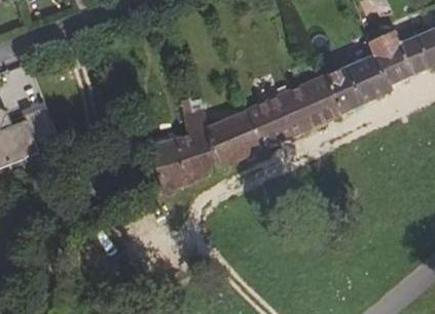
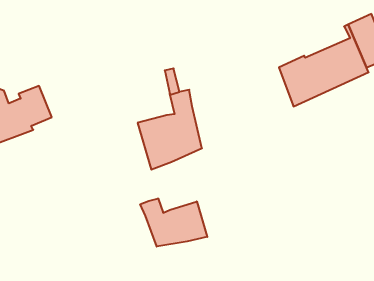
building: [206,85,313,170] -> none
building: none -> [140,198,207,247]

